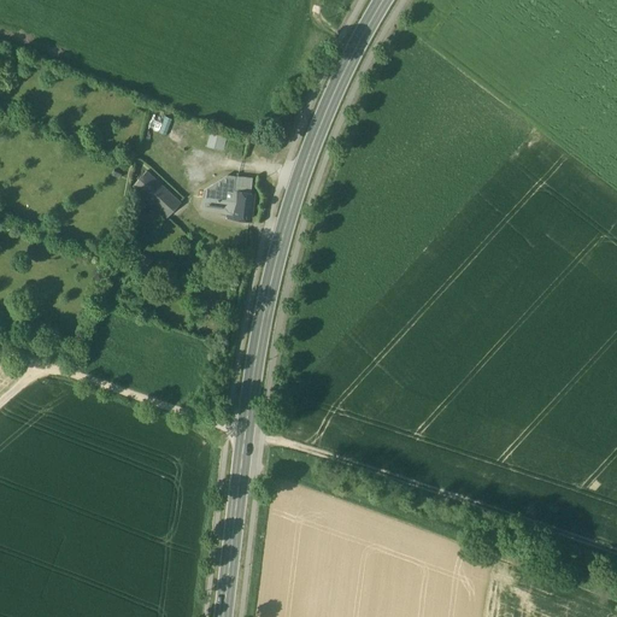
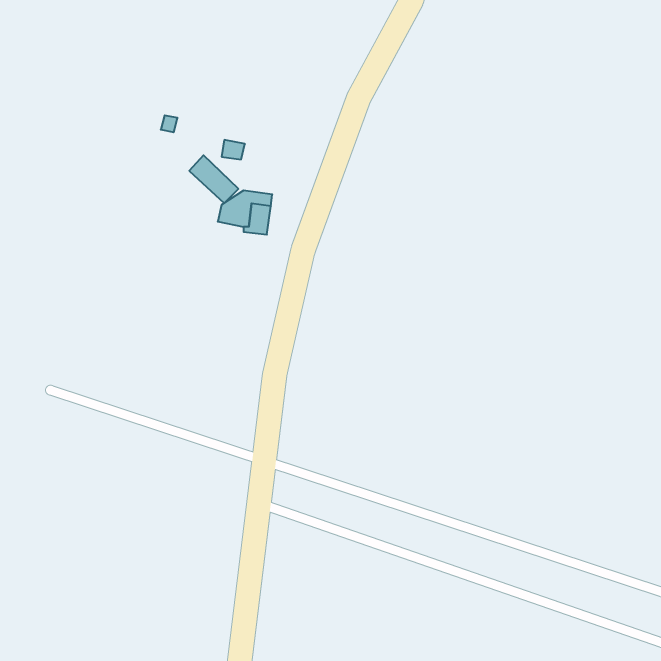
building: [135,170,181,215] -> [189,155,238,203]

